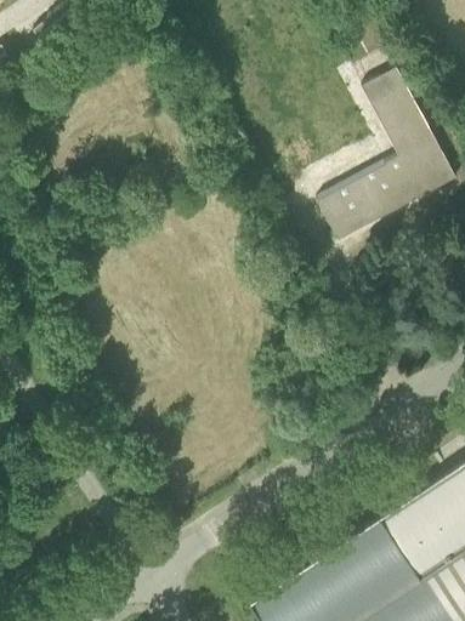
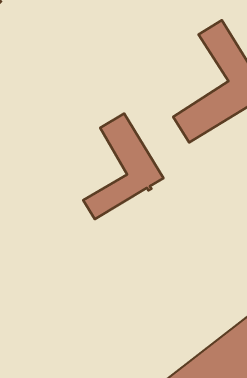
building: none -> [83,113,164,219]

